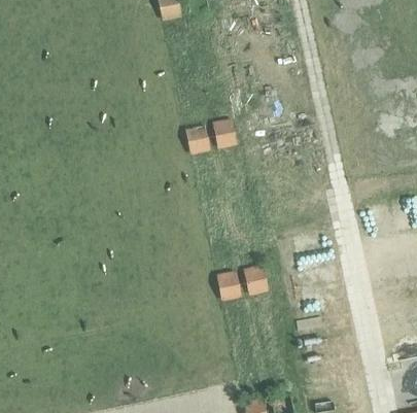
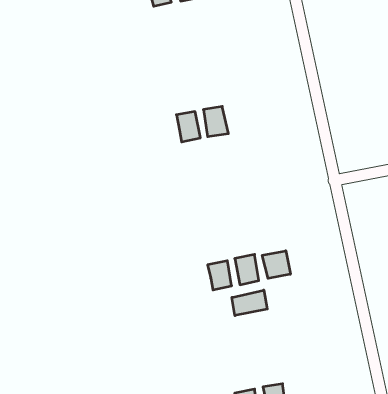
building: none -> [262,251,290,278]
building: none -> [232,290,267,316]

